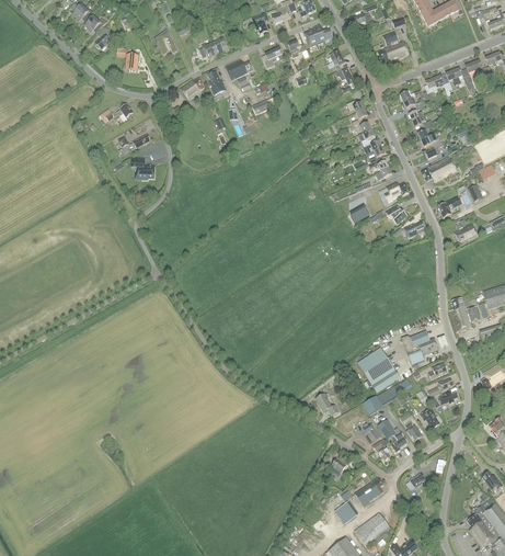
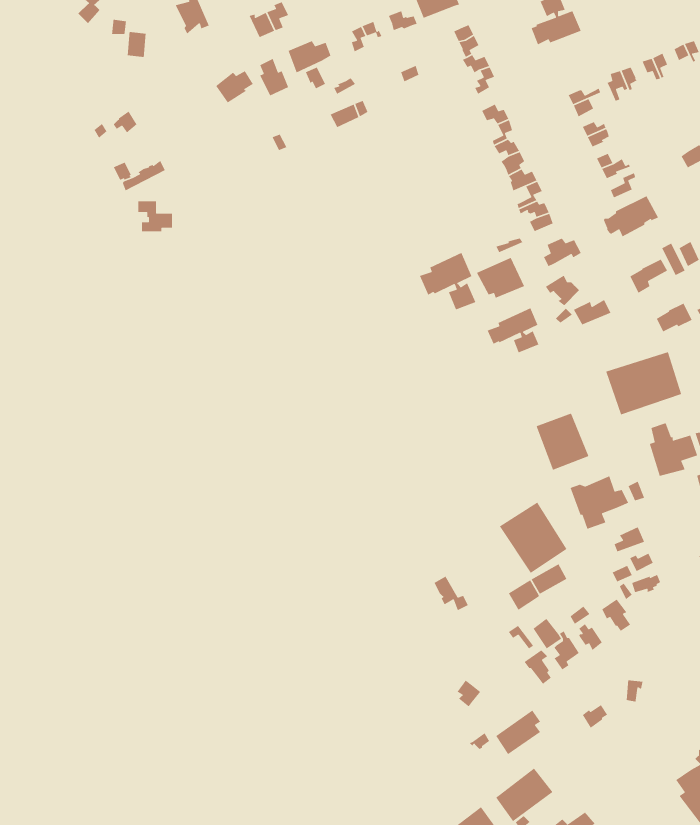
building: none -> [419,252,477,311]
building: none -> [486,307,540,353]
building: none -> [605,351,682,416]
building: none -> [536,412,589,471]

